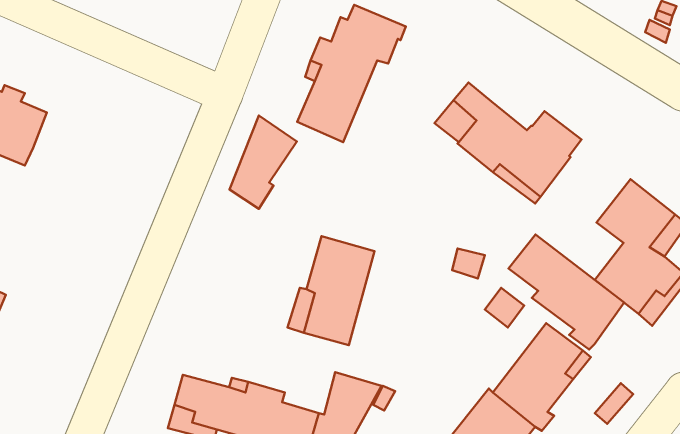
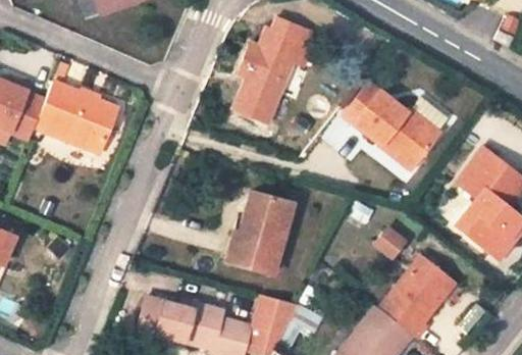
building: none -> [36,82,117,153]
building: [229,116,297,209] -> none
building: [508,235,624,349] -> none

